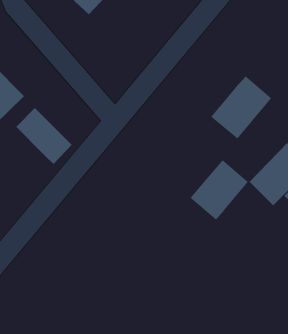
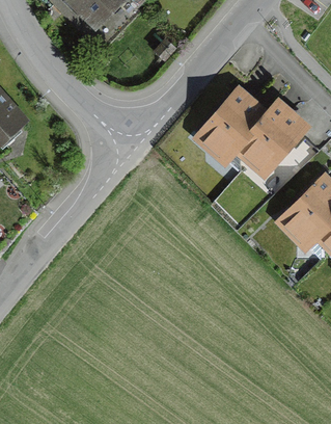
building: [16,107,73,165] -> none
building: [189,159,249,220] -> [195,87,260,155]

